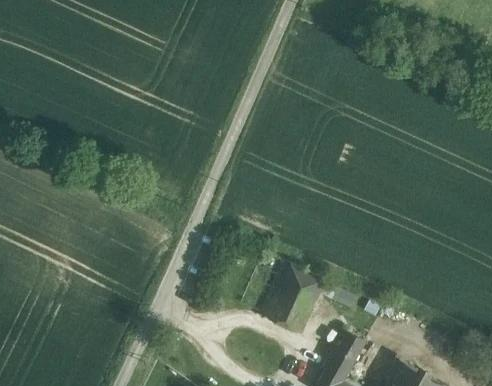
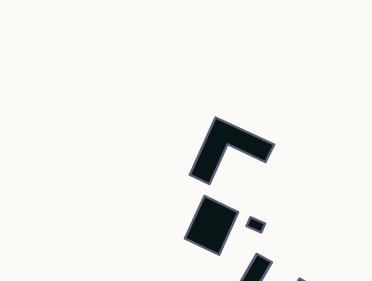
building: none -> [190,118,274,184]

